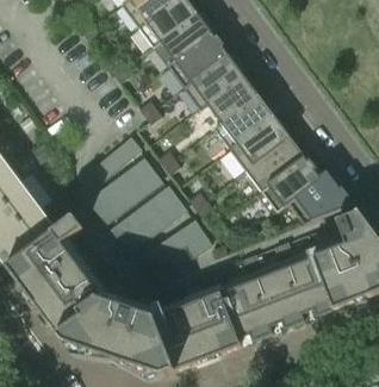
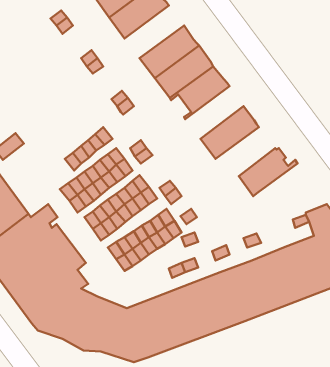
building: [149,10,210,63] -> none
building: [211,92,271,145] -> none
building: [242,133,303,188] -> none
building: [285,170,349,220] -> none

